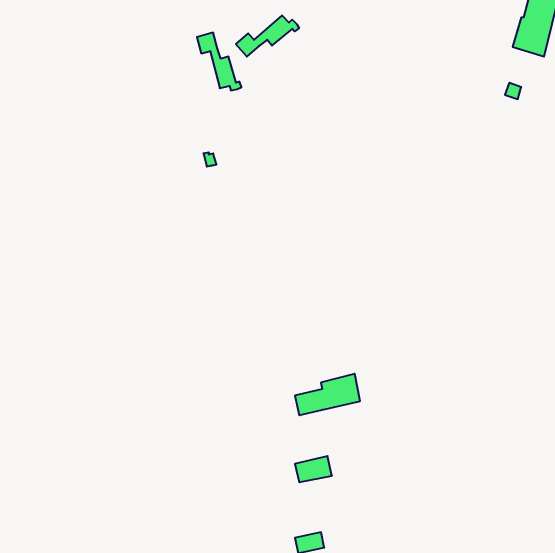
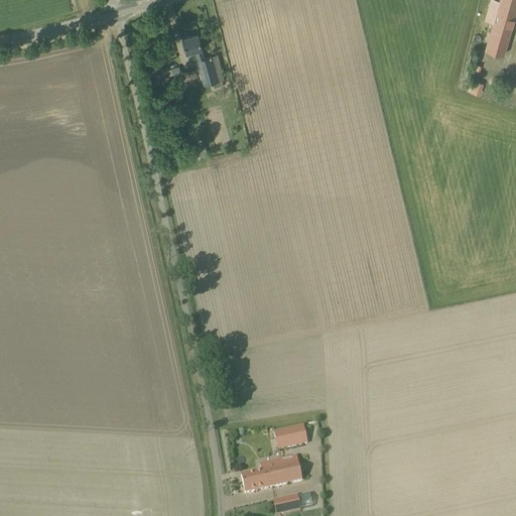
building: [236,15,299,57] -> none
building: [295,374,360,415] -> [242,453,302,491]

